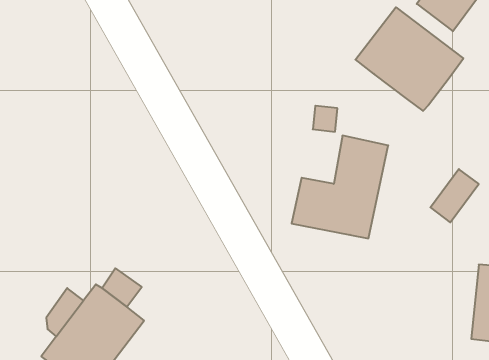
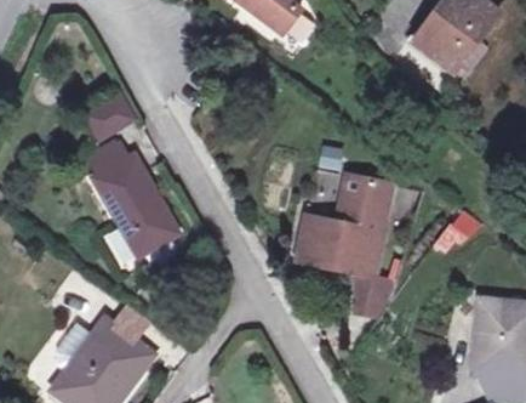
building: [355,7,463,111] -> none
building: none -> [80,90,138,143]
building: none -> [86,140,177,255]
building: none -> [350,271,406,319]

